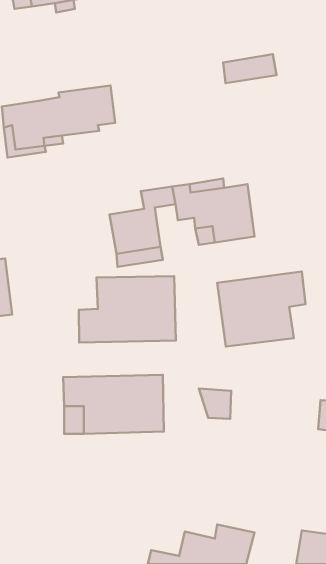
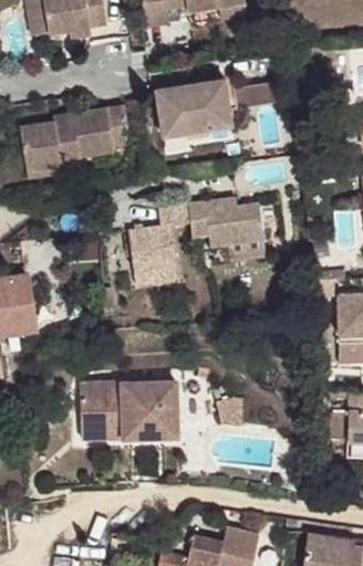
building: none -> [153,81,227,136]
building: [217,272,306,347] -> none
building: [79,276,176,343] -> none

